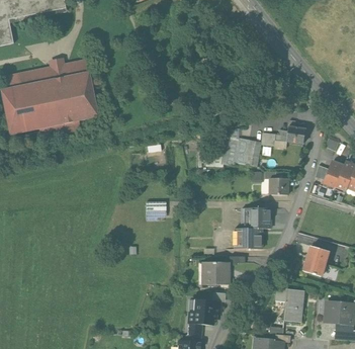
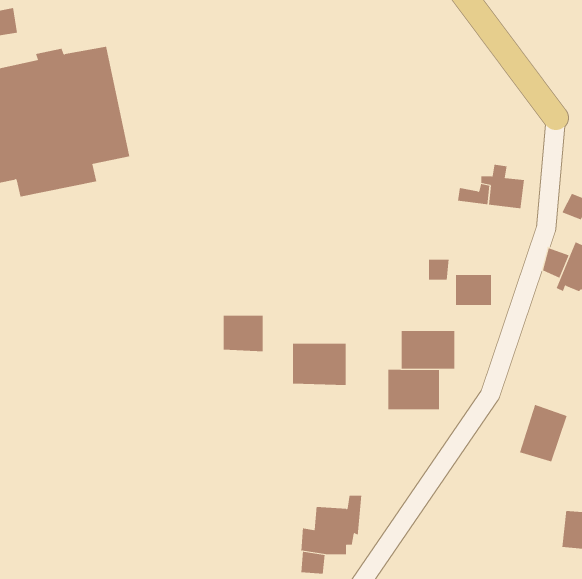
building: [224,137,261,166] -> none
building: [202,262,231,284] -> [292,343,346,386]
building: [275,288,303,322] -> none

